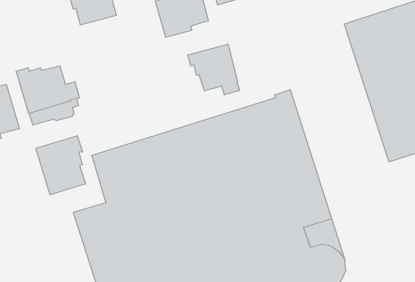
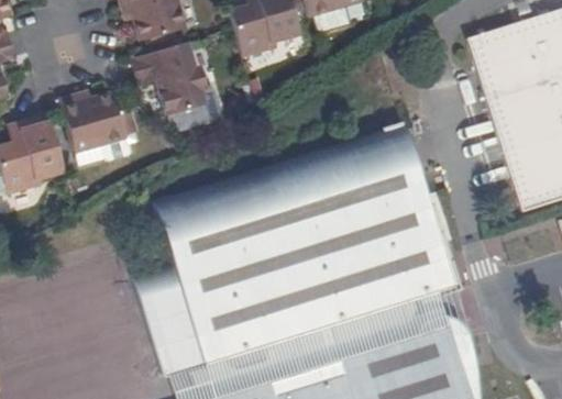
building: none -> [131,43,203,114]
building: [188,44,239,95] -> none
building: [36,136,85,195] -> none

